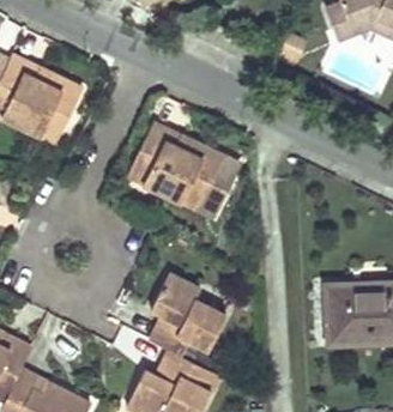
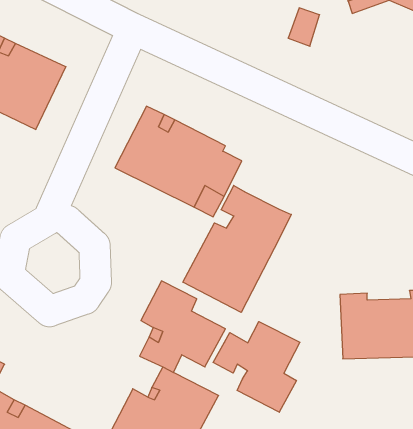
building: none -> [183,185,291,312]
building: none -> [213,322,300,412]

